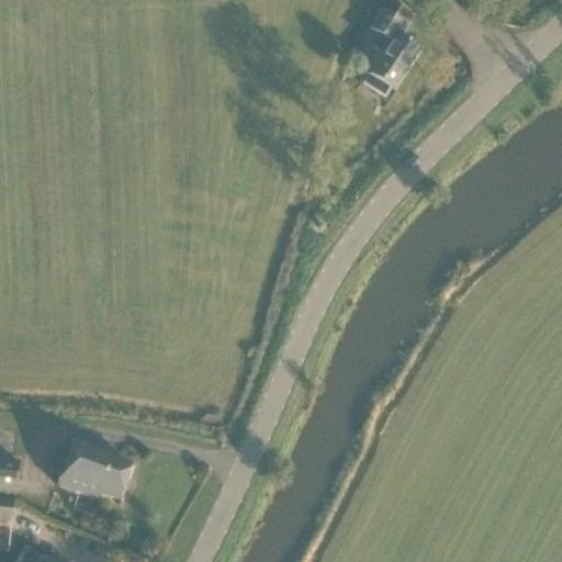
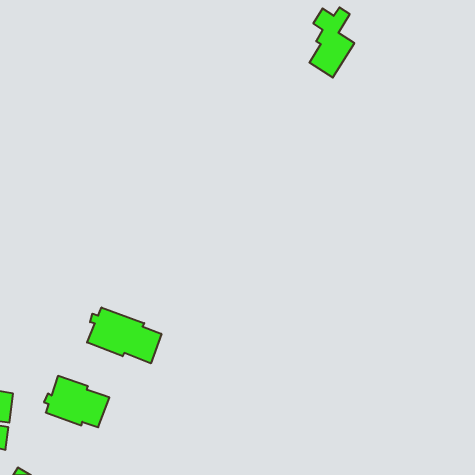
building: none -> [87,307,161,363]

